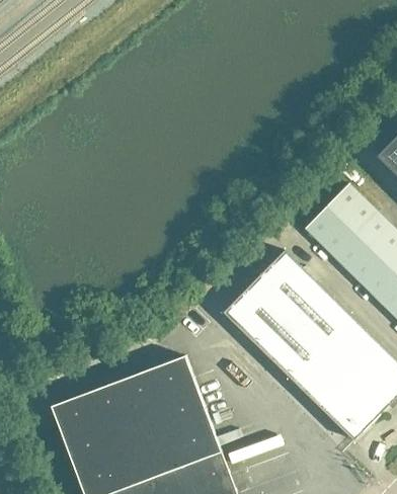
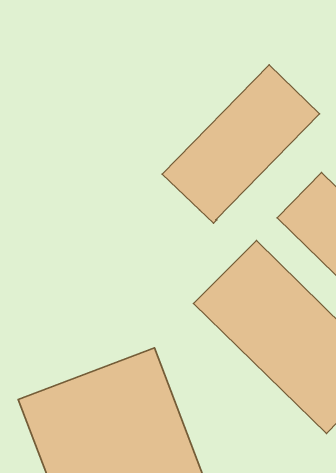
building: none -> [162,65,319,223]

